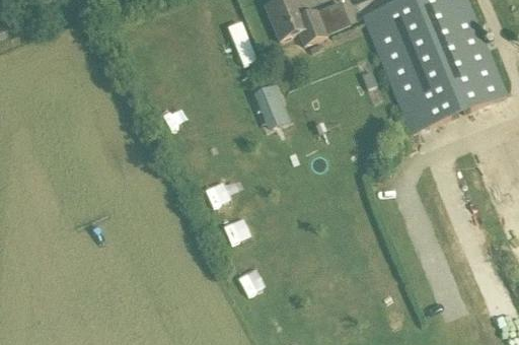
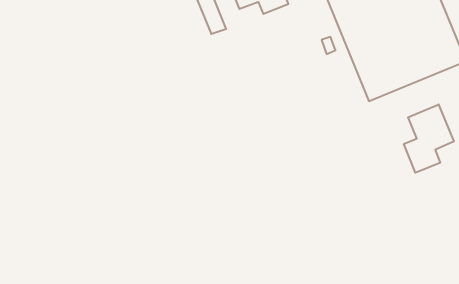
building: [253,84,290,130] -> none
building: none -> [404,104,454,173]

